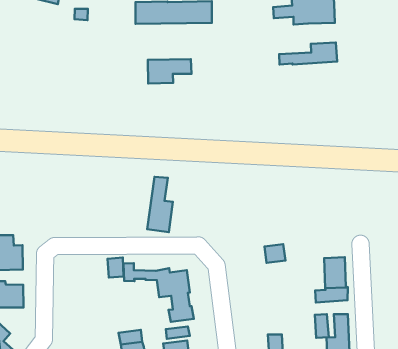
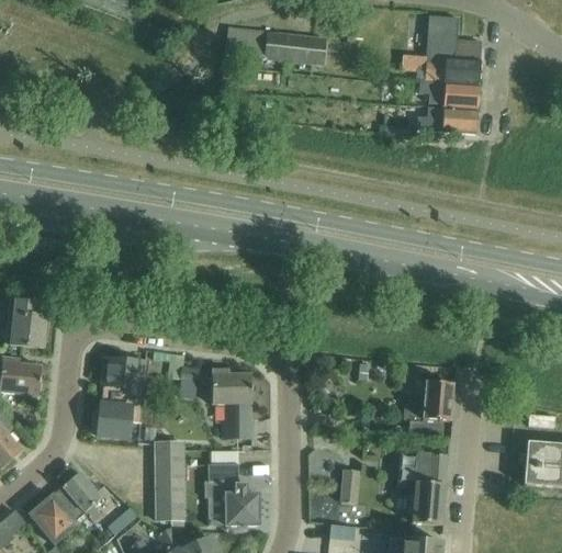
building: none -> [392,78,477,110]
building: [148,59,192,83] -> none
building: [147,177,173,232] -> none
building: none -> [98,359,146,438]

